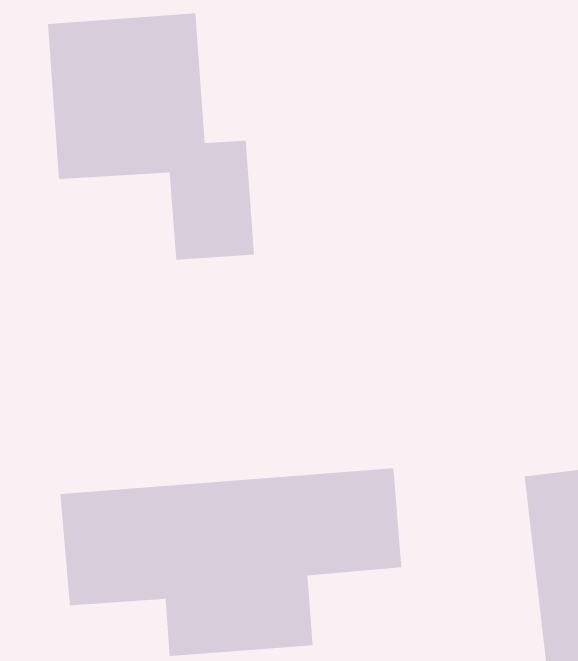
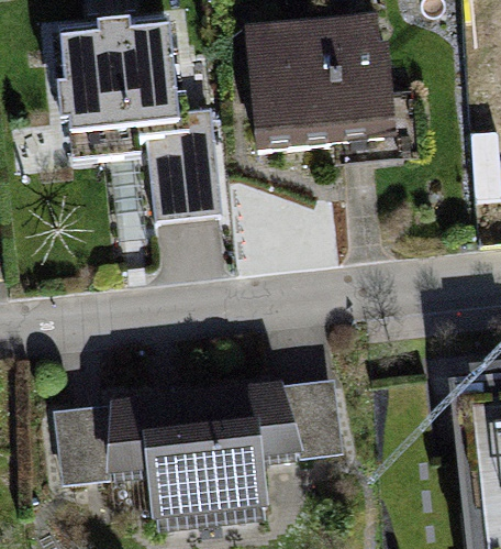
building: none -> [234,20,396,155]

